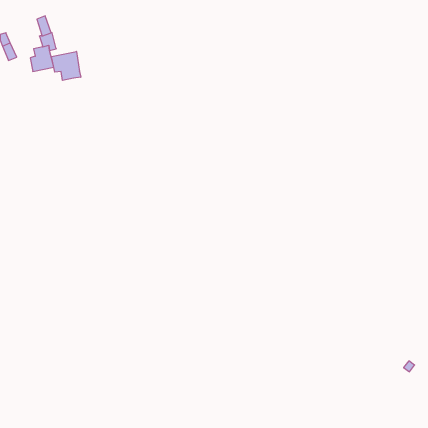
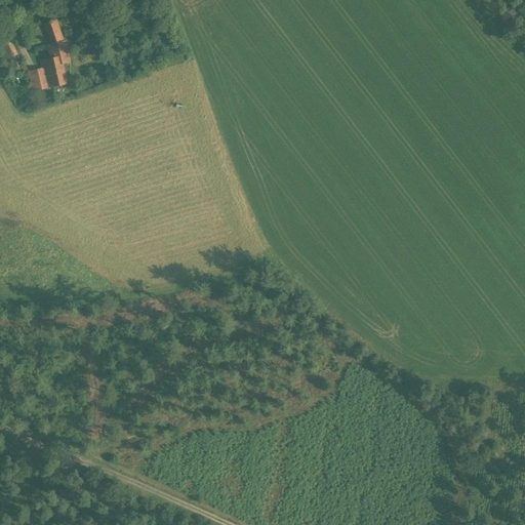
building: [51,51,81,80] -> none

